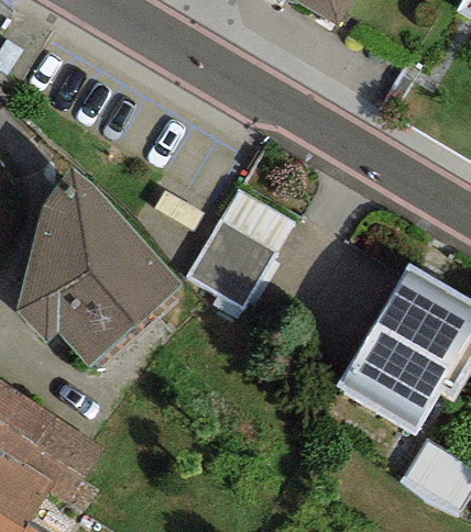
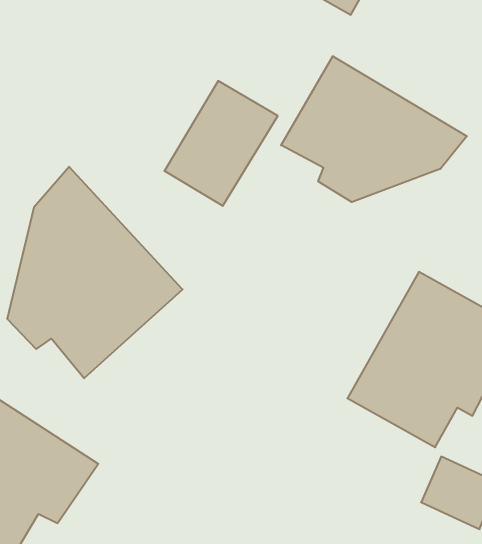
building: none -> [281,56,467,202]
building: [187,191,294,309] -> [164,81,278,206]

